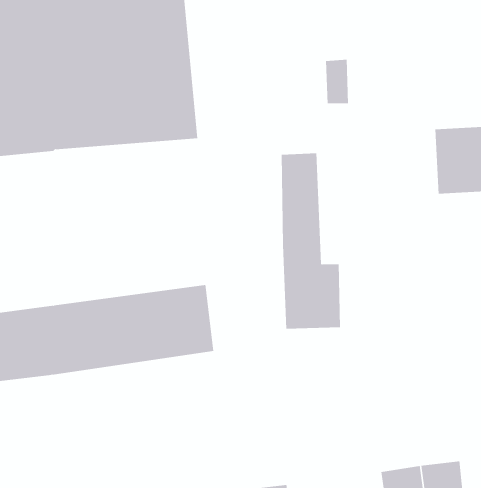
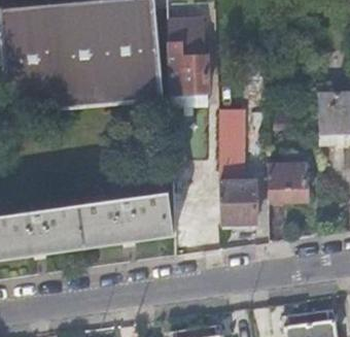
building: none -> [168,31,207,94]
building: none -> [268,153,307,202]

